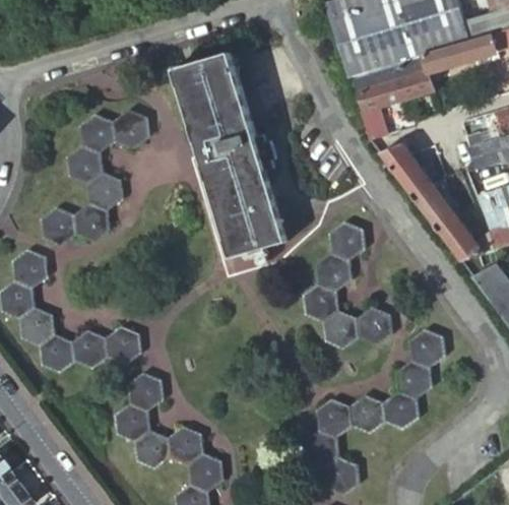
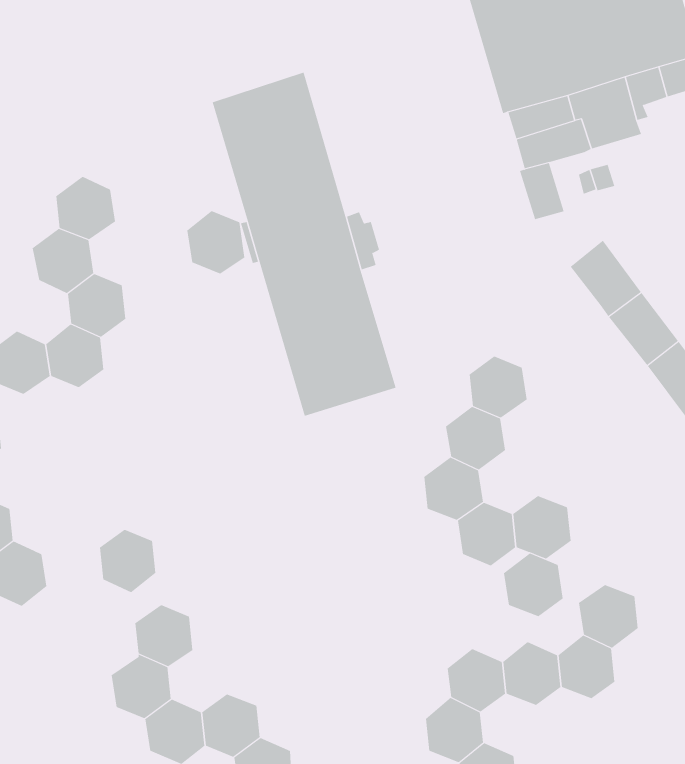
building: [113,110,148,148] -> [186,210,245,274]
building: [408,329,445,368] -> [503,553,564,617]
building: [71,330,108,370] -> none

